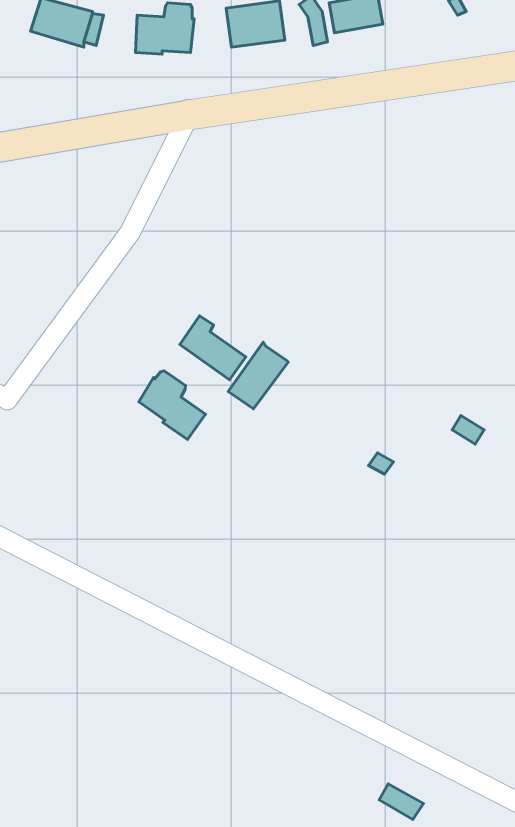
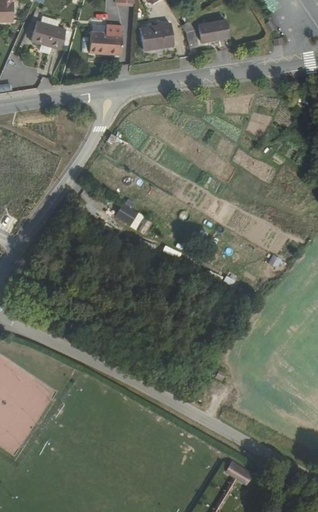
building: [228,342,288,409] -> none
building: [139,371,206,439] -> none

